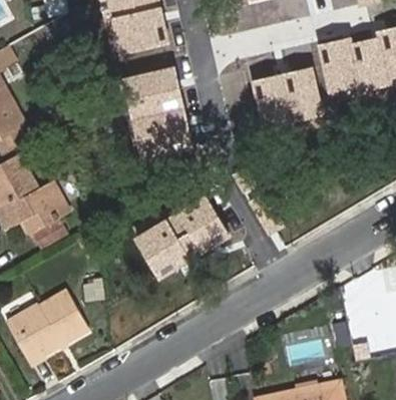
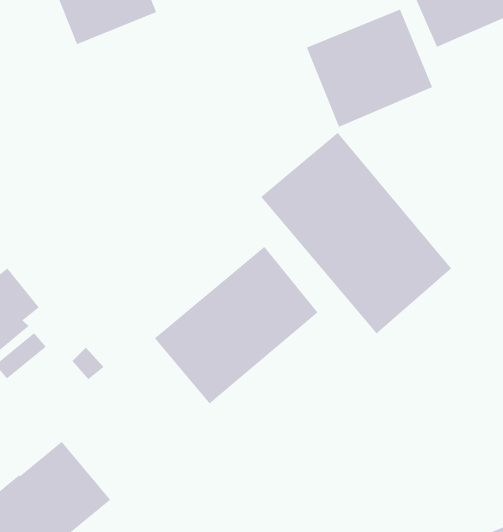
building: [118,66,191,152] -> none
building: none -> [260,132,452,334]

